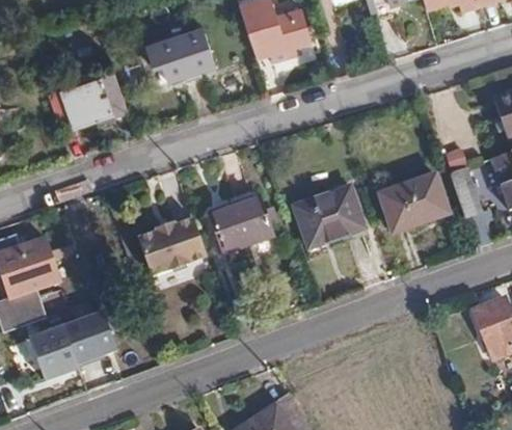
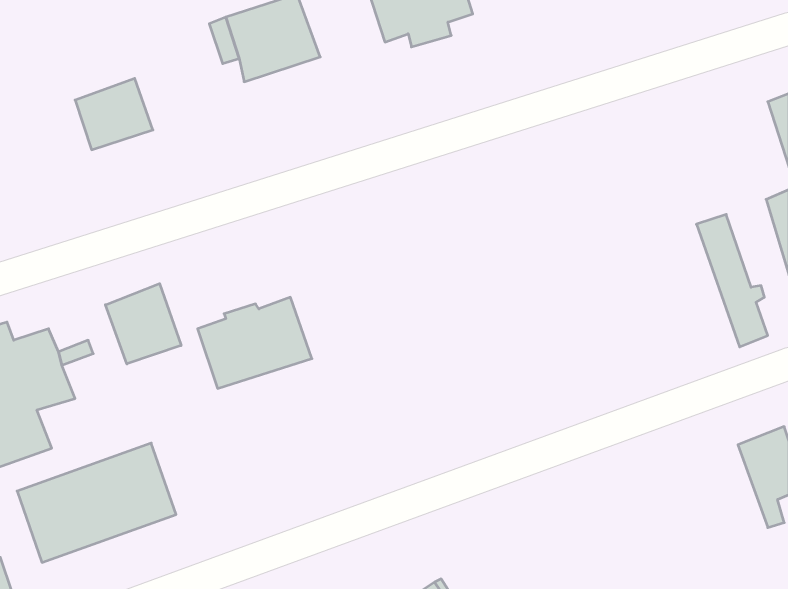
building: [380,174,448,231] -> none
building: [295,185,365,240] -> none
building: [211,198,270,253] -> none
building: none -> [105,284,181,364]

